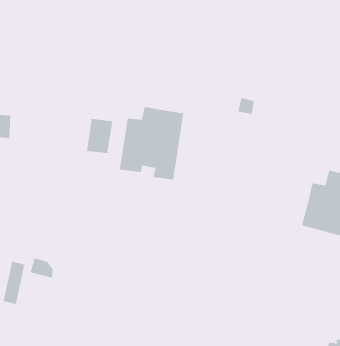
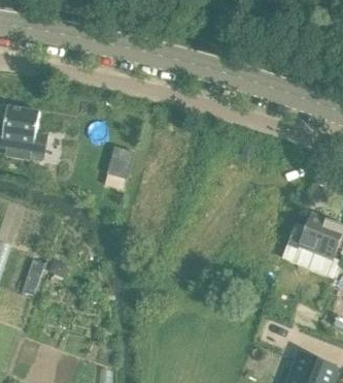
building: [119,106,184,181] -> none

